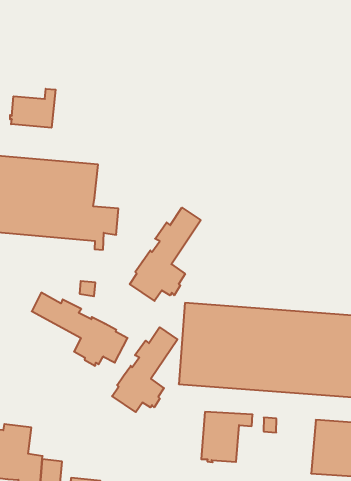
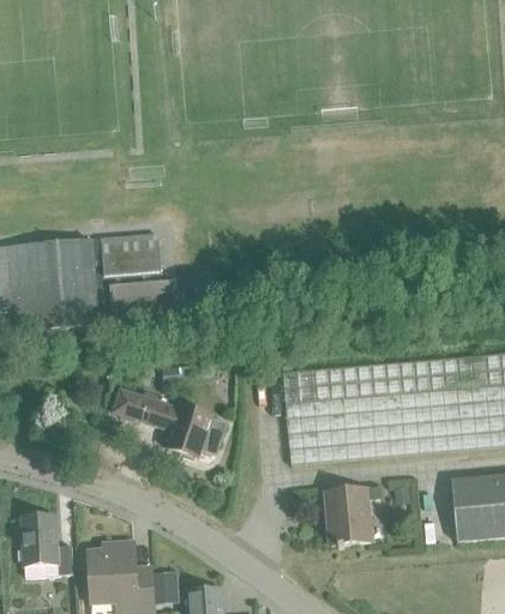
building: [10,89,56,128] -> none
building: [130,208,201,301] -> none
building: [112,327,177,412] -> none

